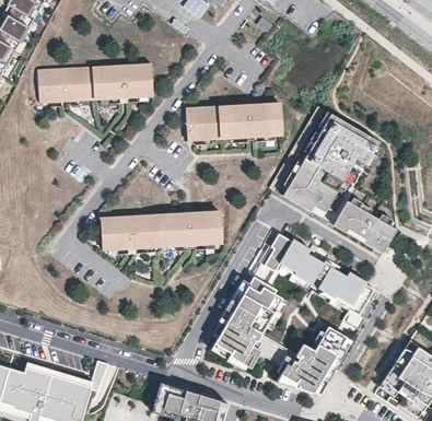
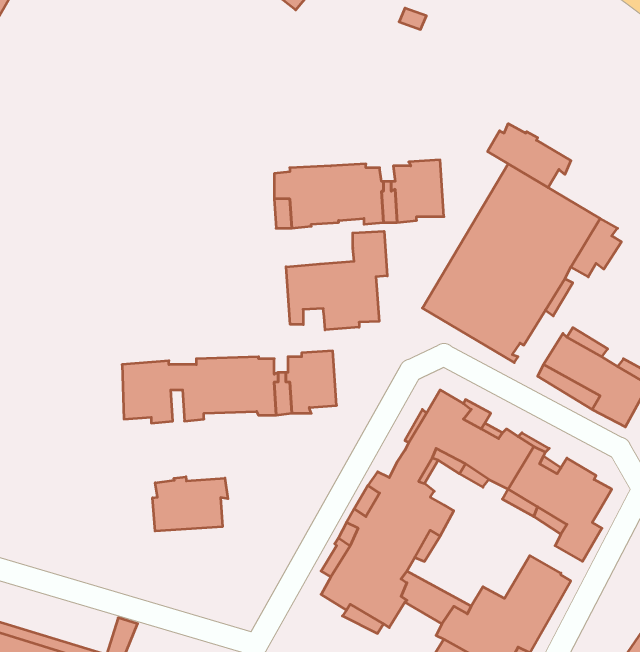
building: [37,63,153,103] -> none
building: none -> [488,124,571,188]
building: none -> [286,231,387,330]
building: none -> [153,477,228,531]

